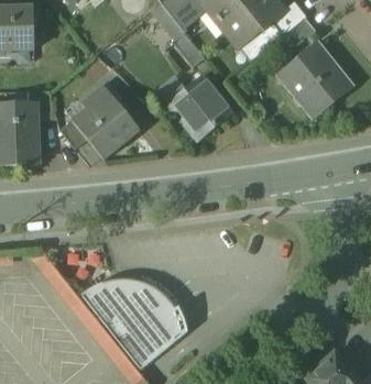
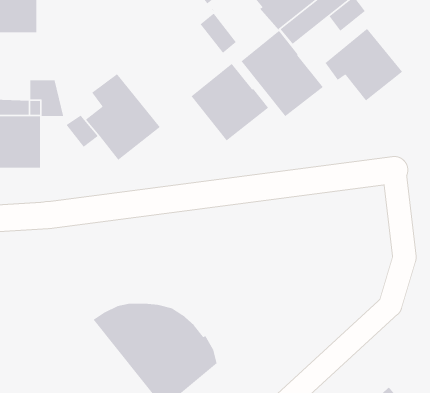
building: none -> [240,30,324,117]

